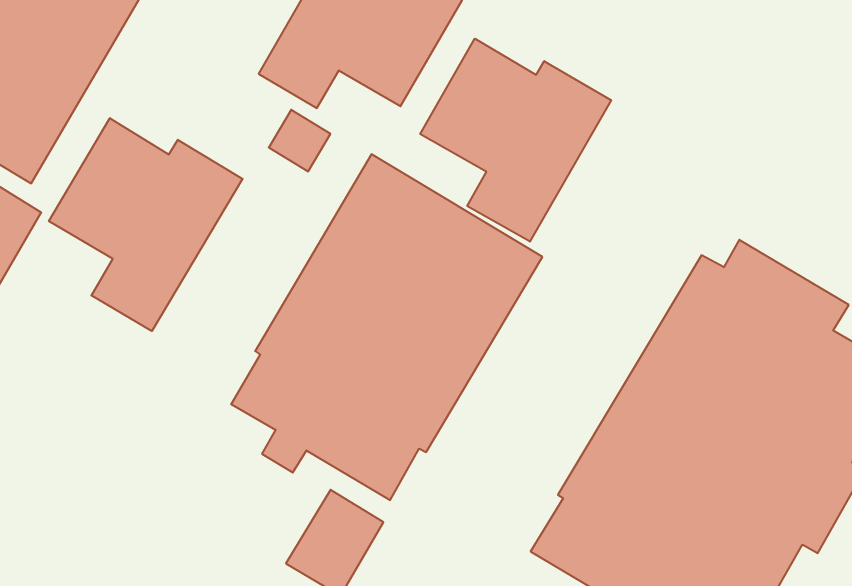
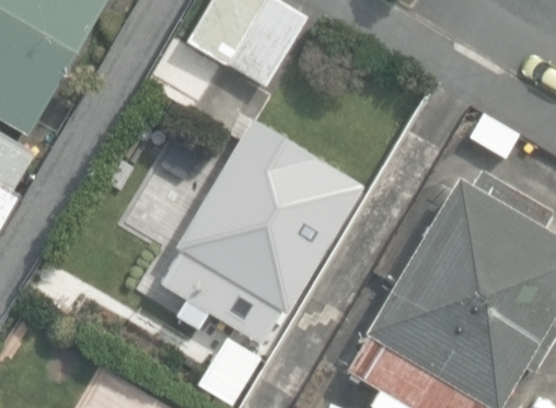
building: [420,39,611,242] -> none
building: [49,118,243,331] -> none

